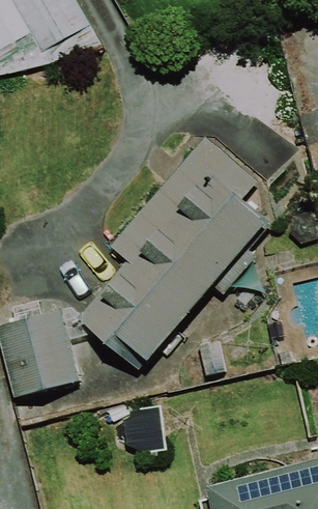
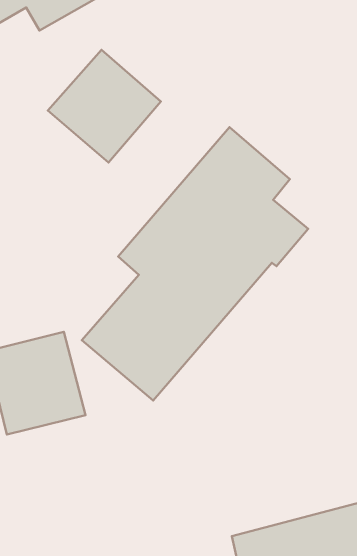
building: none -> [48,50,161,163]

